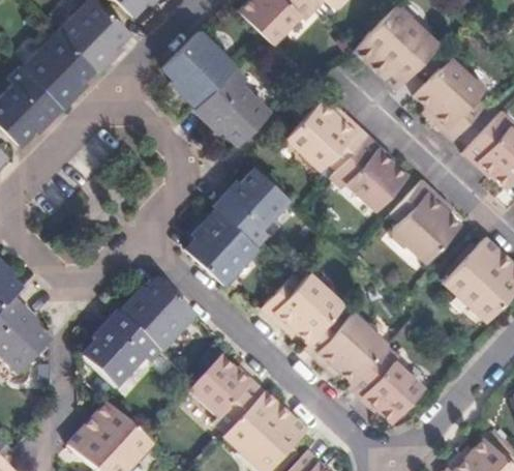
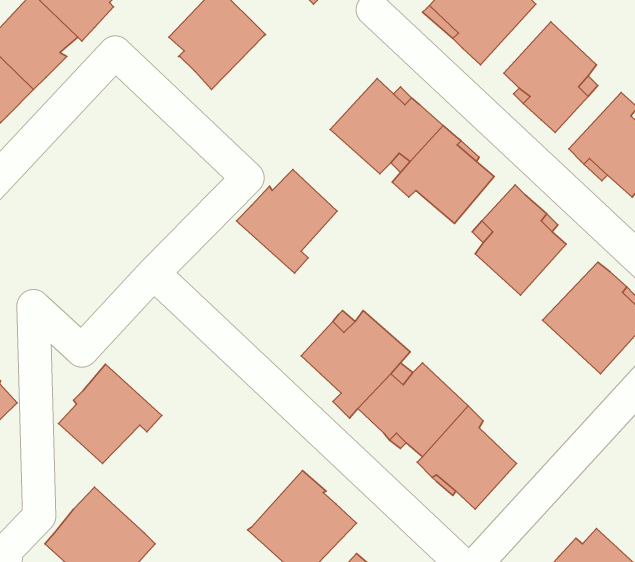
building: [194,67,270,147] -> none
building: [186,208,258,285] -> none
building: [116,283,194,354] -> none
building: [188,357,264,436] -> none

